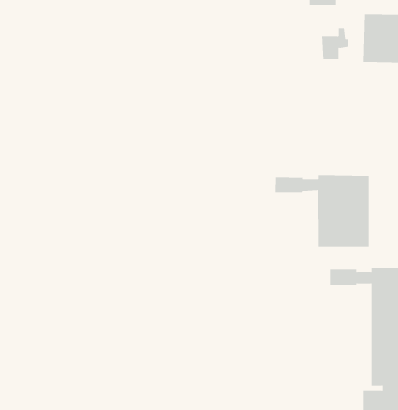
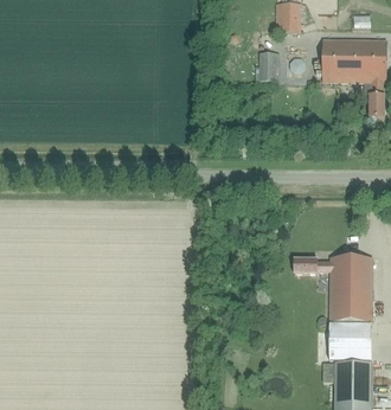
building: none -> [255,52,277,79]
building: [275,175,369,248] -> none

